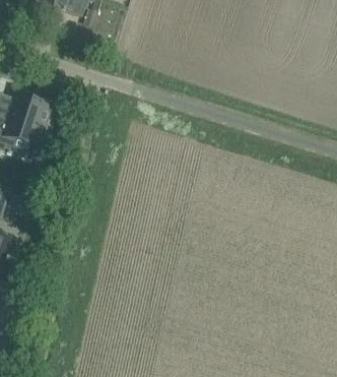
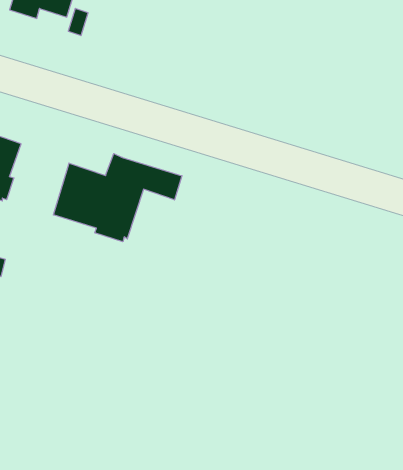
building: none -> [53,154,182,242]

